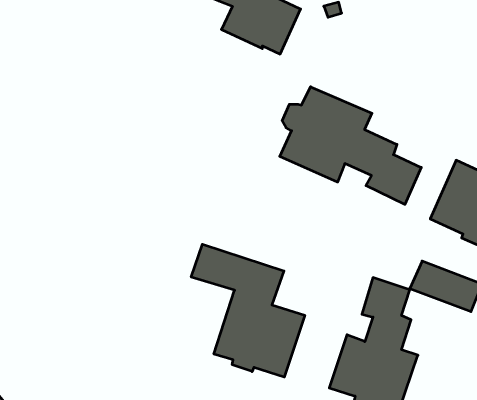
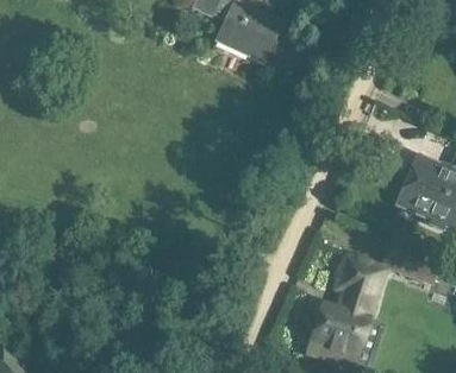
building: [280,87,421,204] -> none
building: [191,244,305,377] -> none

